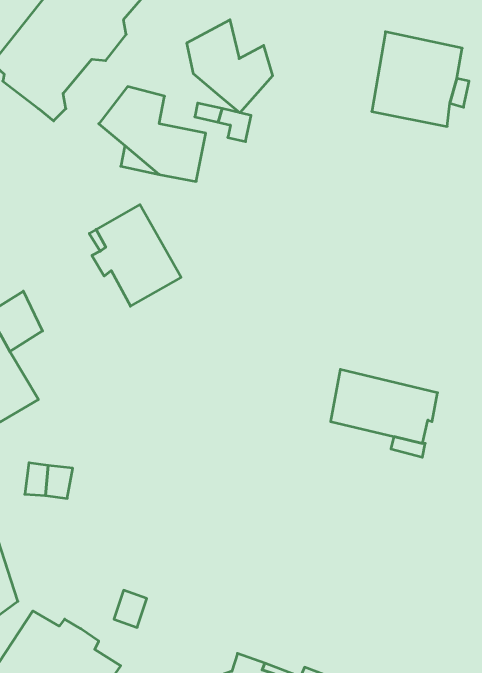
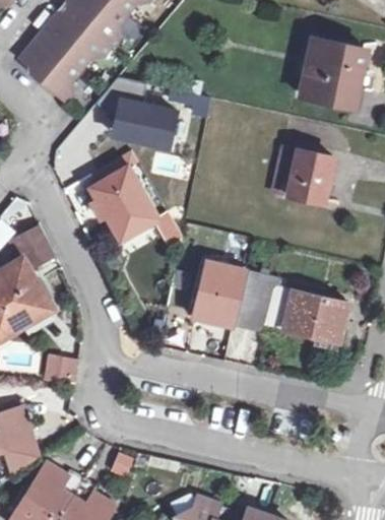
building: [187,20,273,113] -> none
building: none -> [271,145,333,203]
building: none -> [195,260,278,325]

